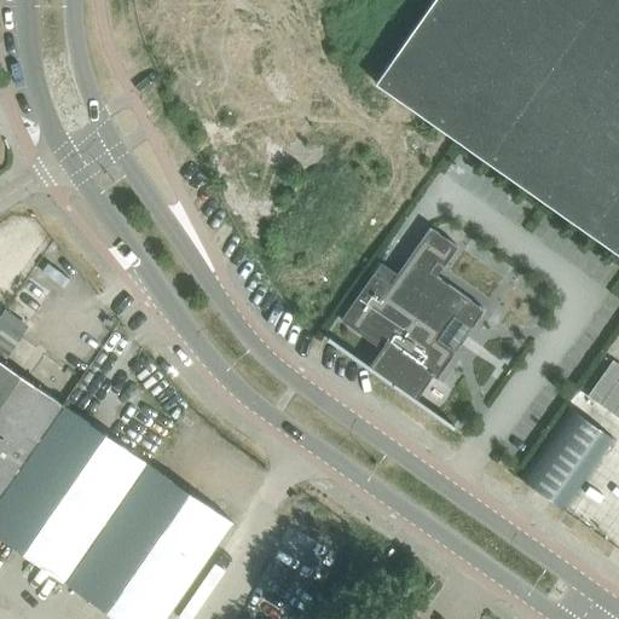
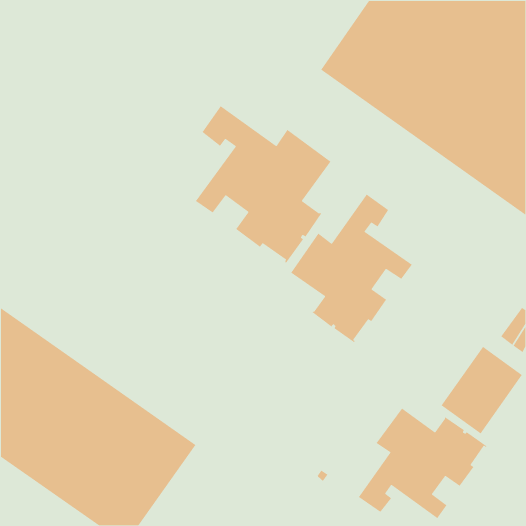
building: none -> [195,105,331,265]
building: none -> [358,408,488,519]

